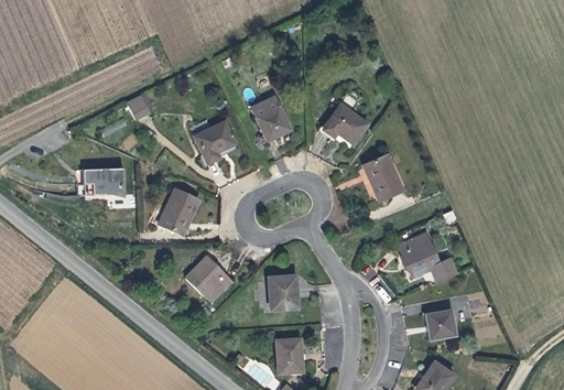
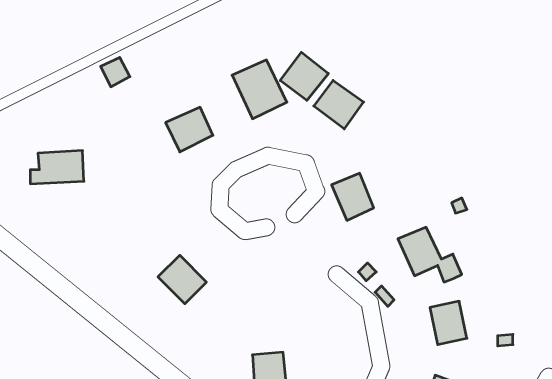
building: none -> [280,52,328,100]
building: [368,164,404,205] -> [332,173,374,220]
building: [171,201,197,234] -> none
building: [267,281,296,316] -> none

